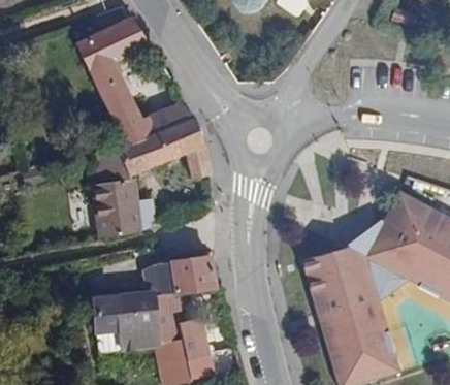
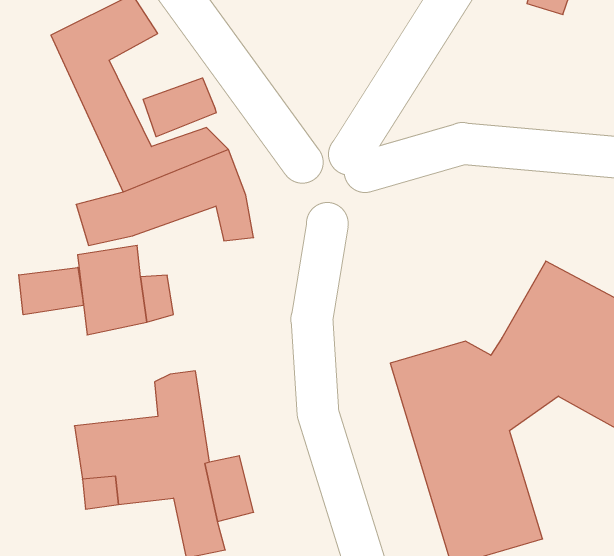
building: none -> [143,78,216,137]
building: none -> [19,267,83,315]
building: [171,256,216,295] -> none

